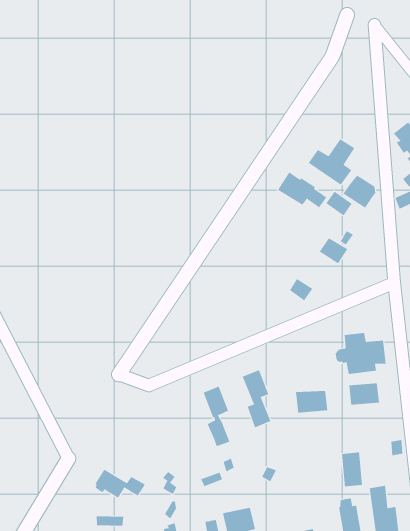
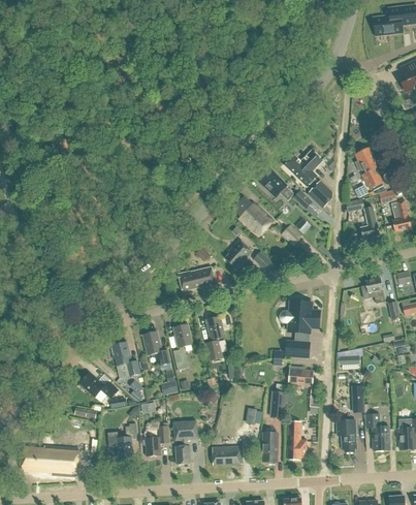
building: none -> [233,197,275,236]
building: none -> [224,240,253,267]
building: none -> [179,266,216,291]
building: [295,391,328,413] -> [289,369,314,387]
building: none -> [143,332,171,366]
building: none -> [109,343,140,377]

